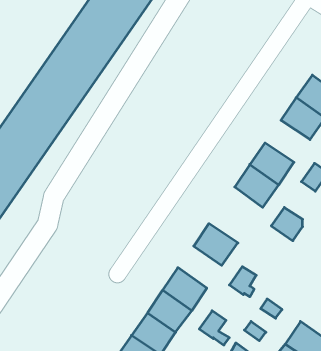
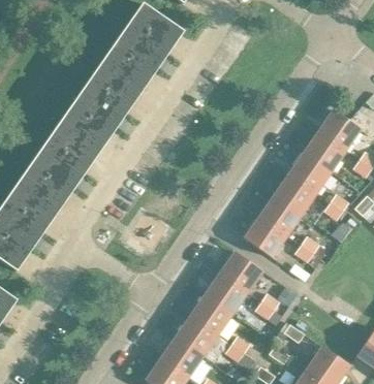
building: none -> [288,152,332,192]
building: none -> [244,216,286,256]
building: none -> [205,273,247,313]

